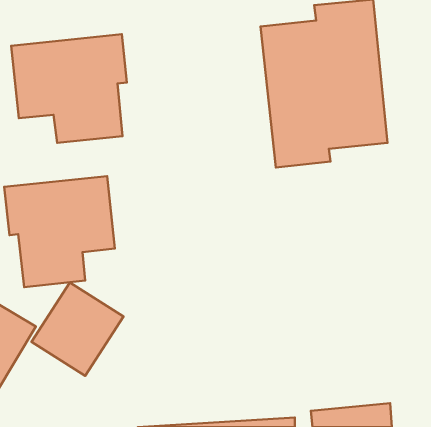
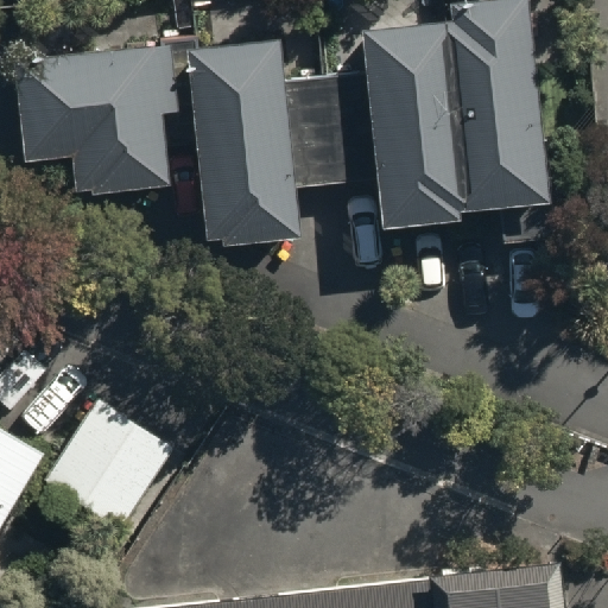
building: none -> [189,45,302,253]
building: [4,176,115,287] -> none

